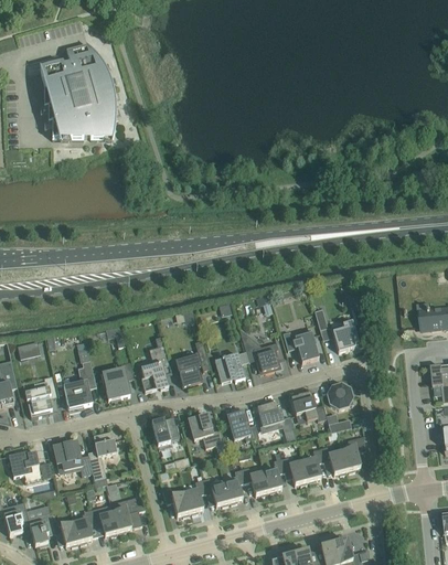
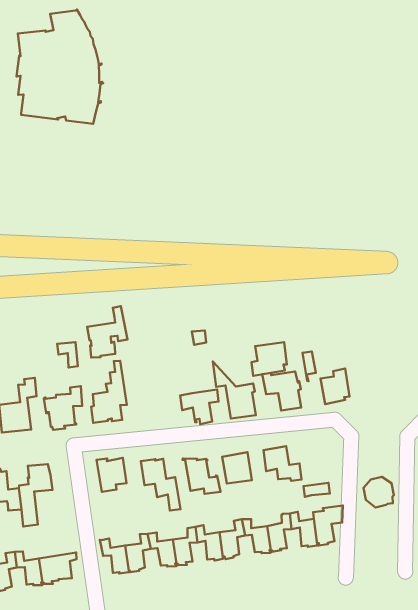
building: none -> [251,342,287,376]
building: [175,339,211,385] -> [87,306,127,357]
building: [327,382,353,408] -> [363,477,394,507]

